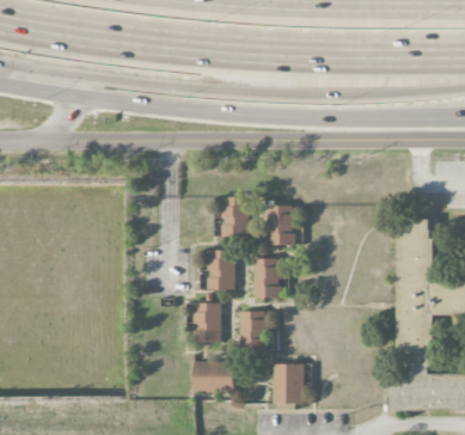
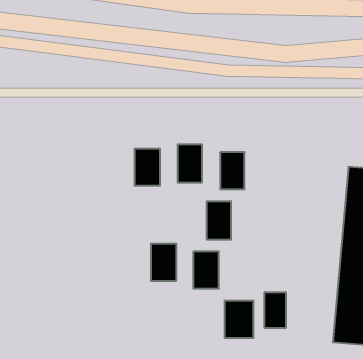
building: [207,249,234,288] -> [134,149,160,186]
building: none -> [265,292,286,328]
building: [194,361,233,390] -> none

